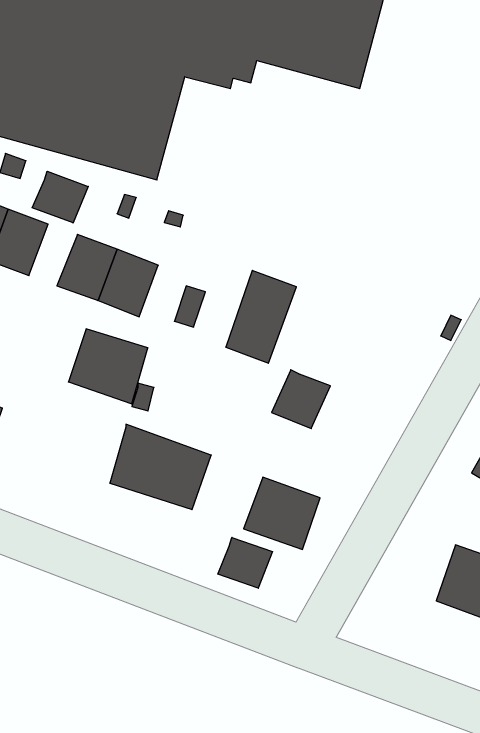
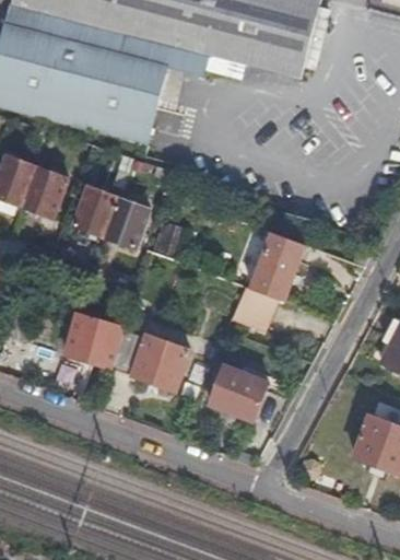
building: [32,171,88,223] -> none
building: [226,270,296,363] -> [252,232,305,301]
building: [68,329,148,404] -> [64,314,123,370]
building: [218,537,272,588] -> none

